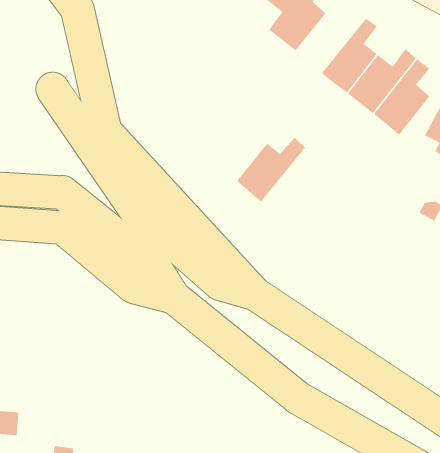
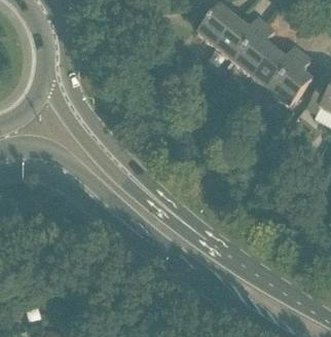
building: [236,137,306,203] -> [217,15,266,62]

